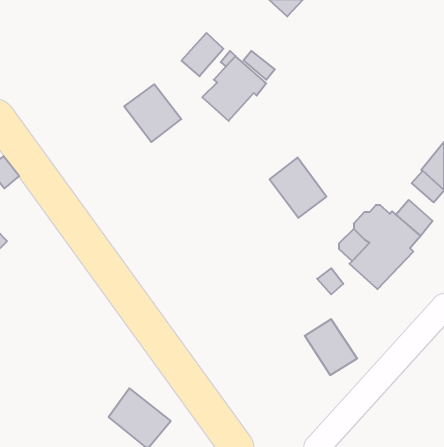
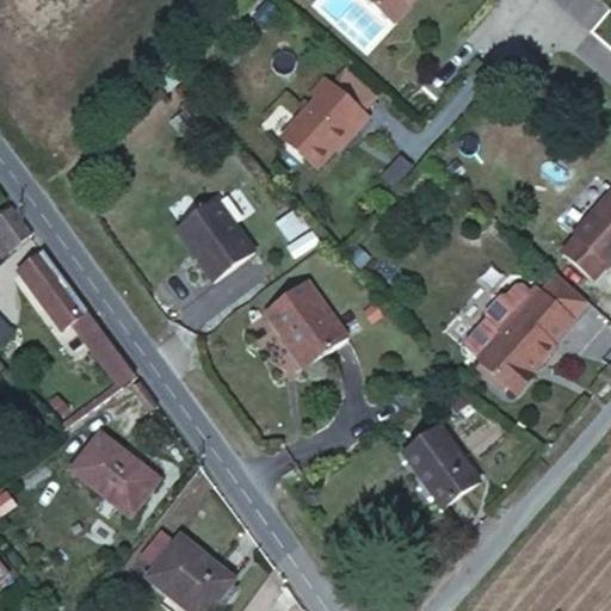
building: [182,33,223,76] -> none
building: [124,84,181,142] -> [186,195,264,273]
building: [270,157,326,218] -> [274,282,352,364]
building: none -> [13,257,140,397]
building: none -> [68,432,152,511]

